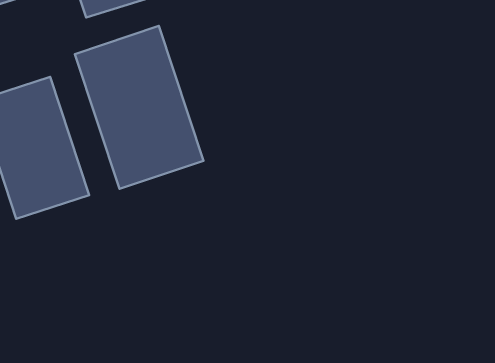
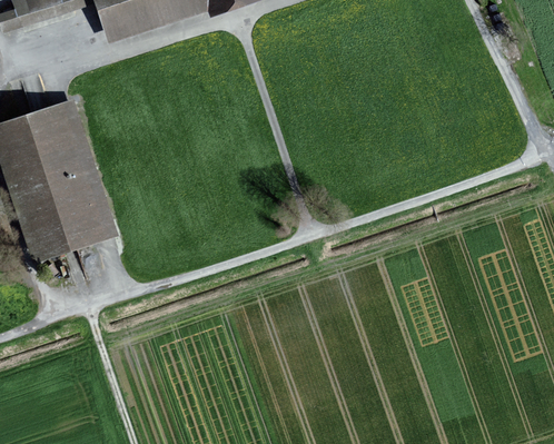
building: [75,26,203,189] -> none

